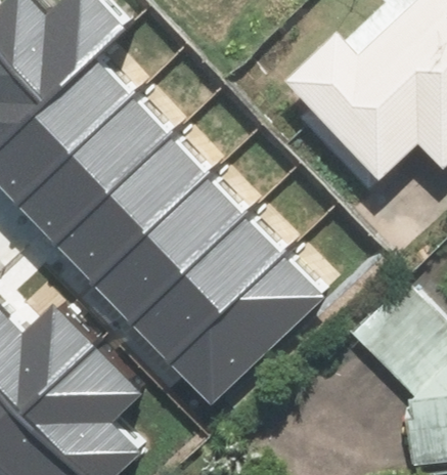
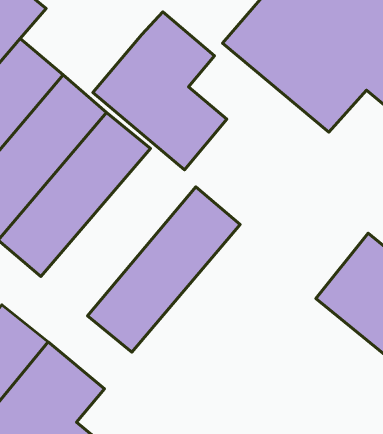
building: none -> [93,12,227,170]
building: [92,173,248,325] -> none
building: [170,254,326,406] -> none

